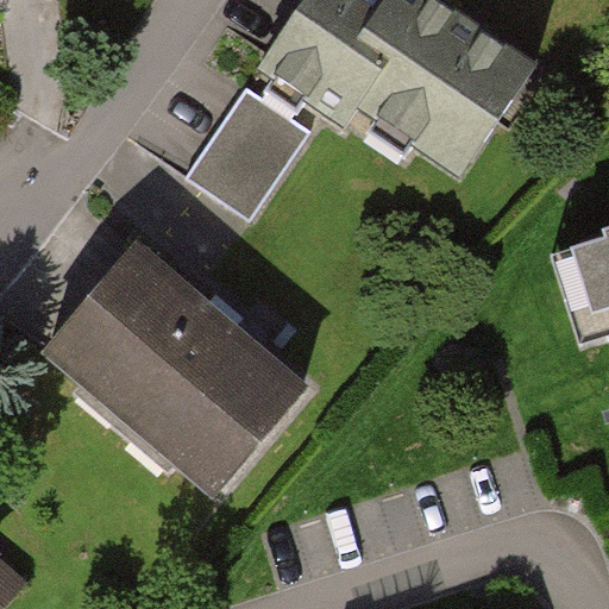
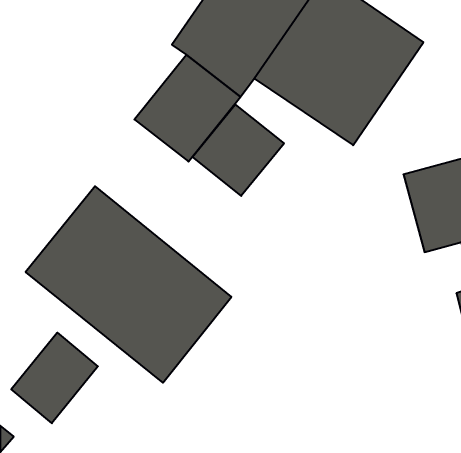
building: none -> [192,105,284,196]
building: none -> [11,333,98,423]

